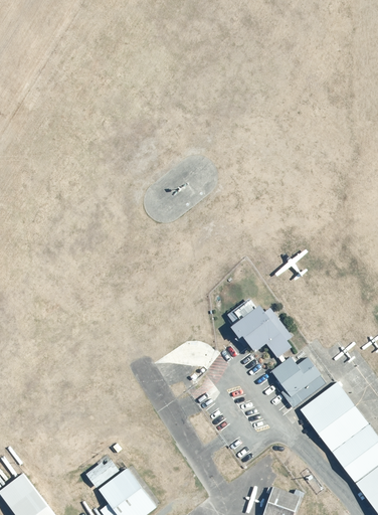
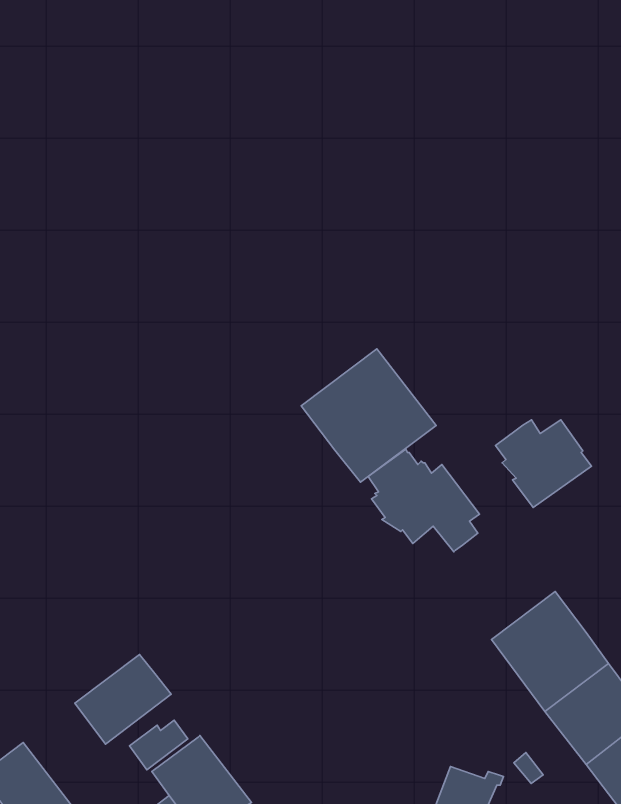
building: none -> [301,349,436,482]
building: [270,357,327,408] -> [495,420,592,507]
building: none -> [75,655,171,744]

